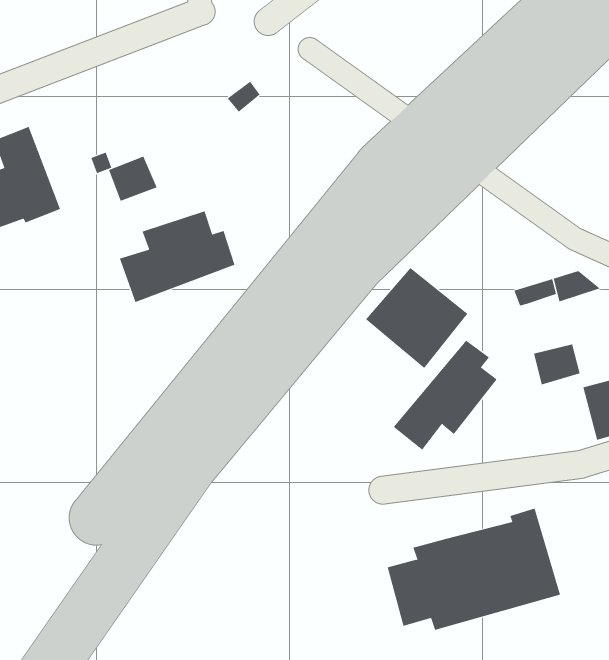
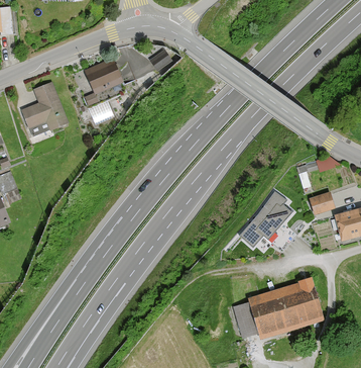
building: none -> [82,59,120,94]
building: [119,211,235,303] -> none
building: [365,267,468,369] -> none

